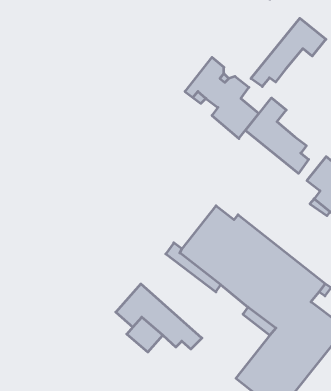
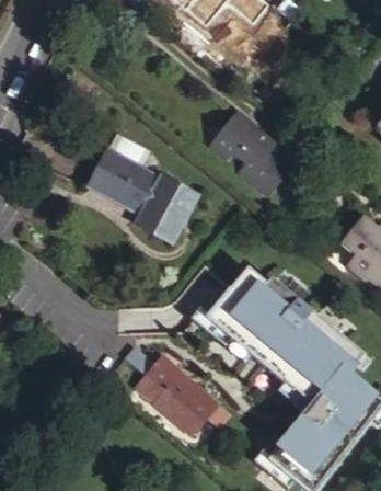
building: [251,18,326,87] -> none
building: none -> [90,130,198,240]
building: [245,98,309,173] -> none

